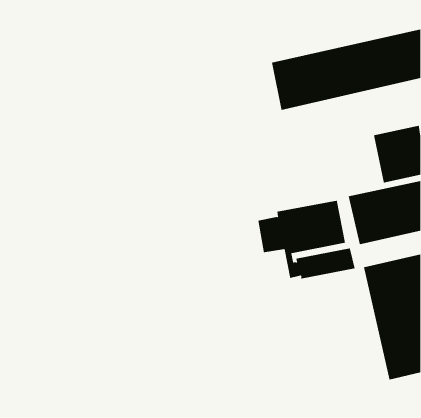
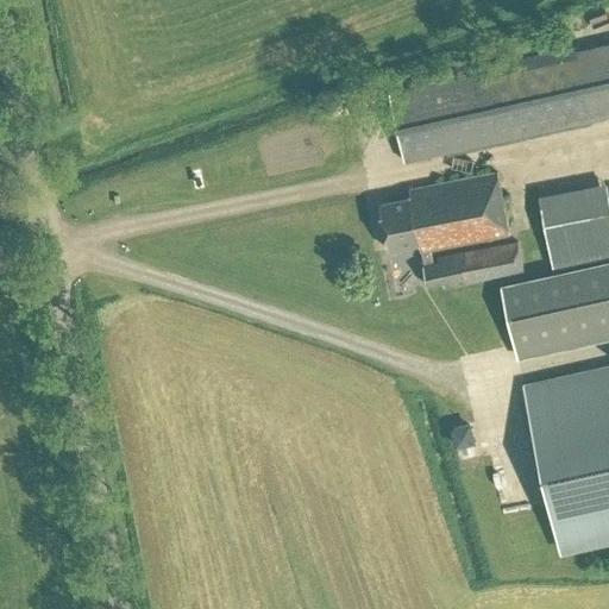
building: [258,200,356,279] -> [382,176,523,290]

